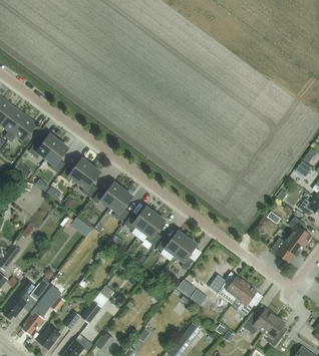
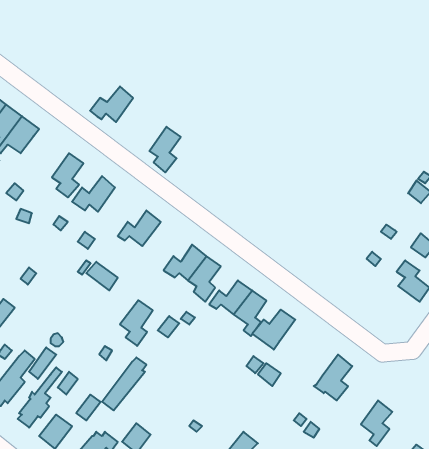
building: [29,133,59,158] -> [90,86,133,122]
building: [79,165,101,198] -> [149,127,181,172]
building: [110,190,133,222] -> [120,300,153,346]
building: [271,235,305,262] -> none
building: [218,276,248,304] -> [252,310,295,350]
building: [243,308,276,334] -> none

